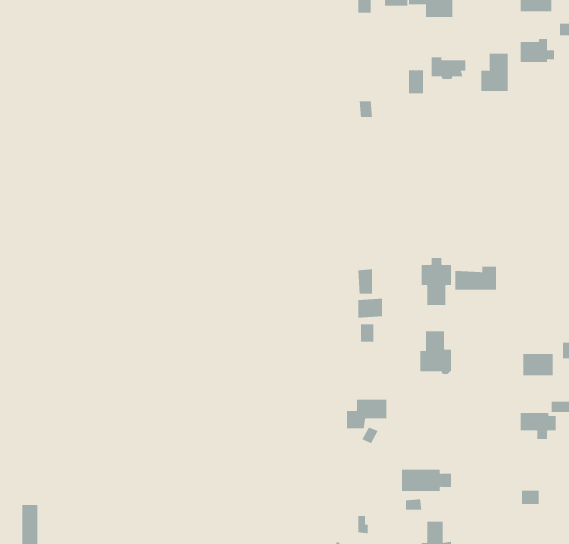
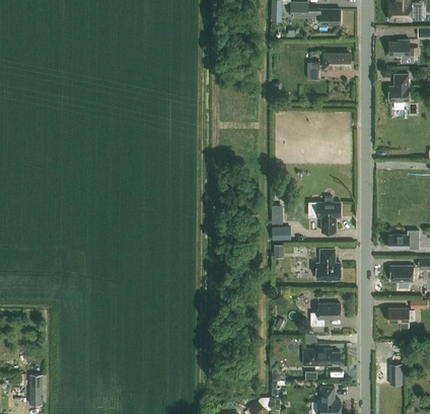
building: [480,53,509,91] -> [388,74,409,101]
building: [455,266,497,290] -> [388,231,419,249]
building: [346,399,387,429] -> [310,304,340,326]

